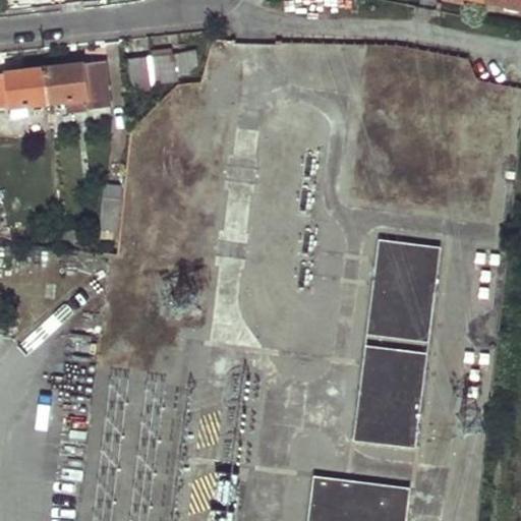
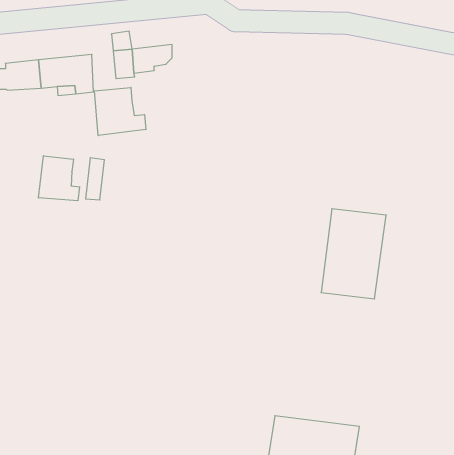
building: none -> [94,87,146,136]
building: none -> [38,156,80,201]
building: [352,345,426,449] -> none

